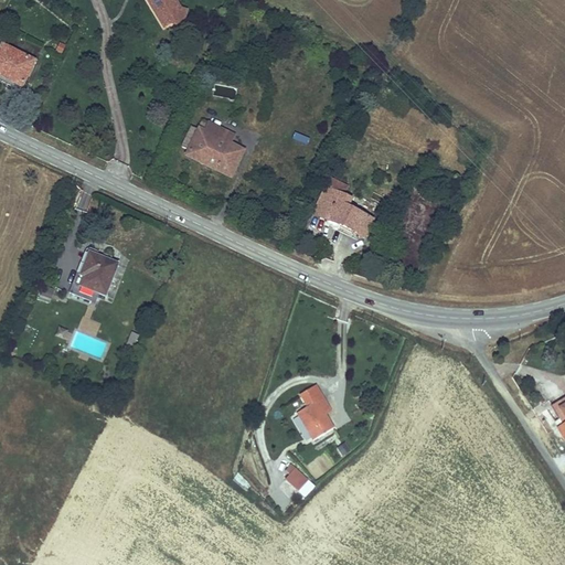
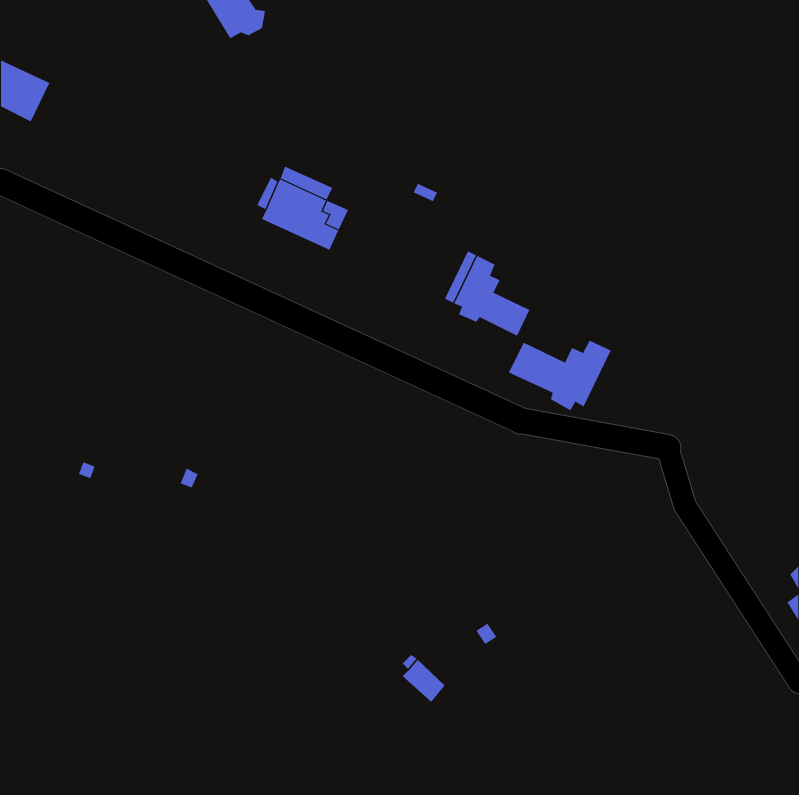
building: none -> [508,340,612,411]
building: [77,250,118,296] -> none
building: [295,381,333,438] -> none

